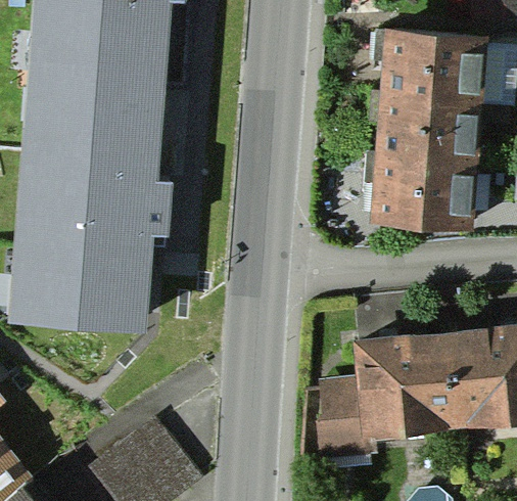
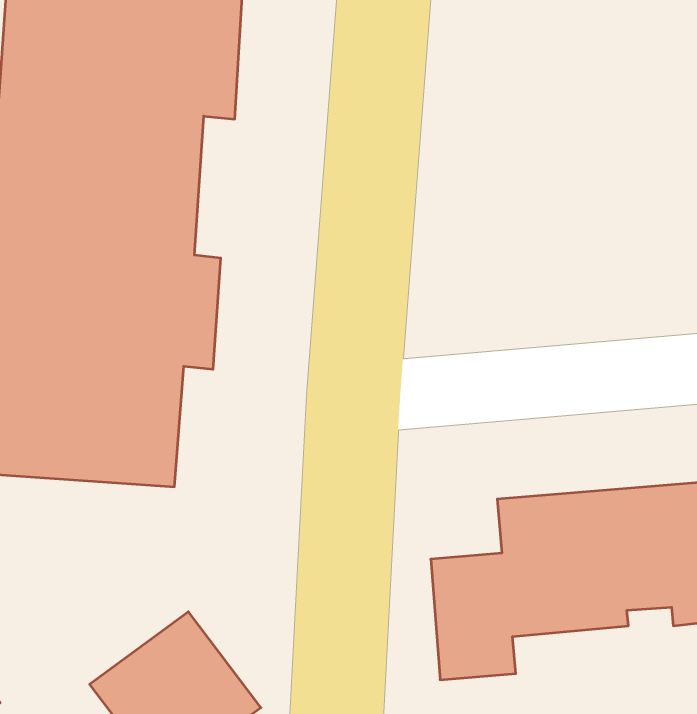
building: [375,28,482,216] -> none

